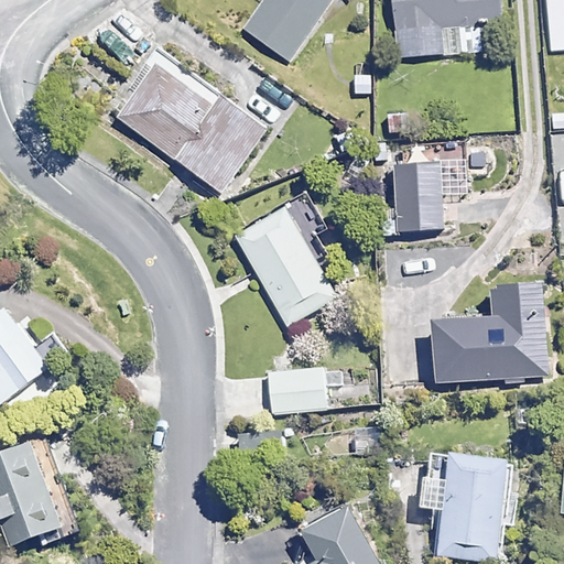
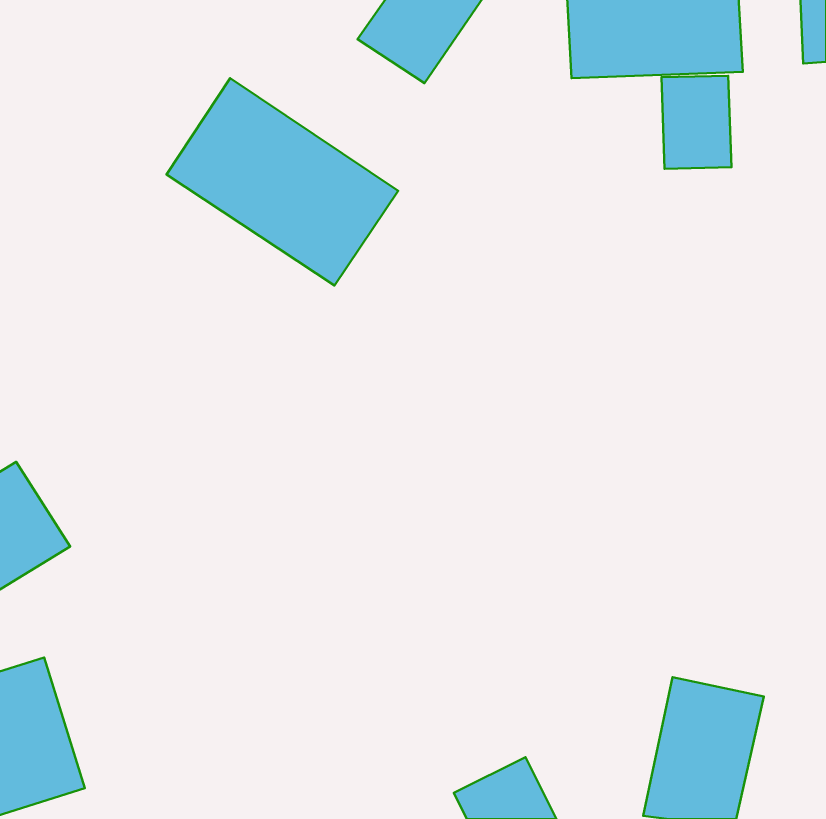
building: [393,161,441,224] -> [661,76,732,169]
building: [236,208,332,321] -> none
building: [434,282,547,377] -> none
building: [268,369,330,412] -> none

